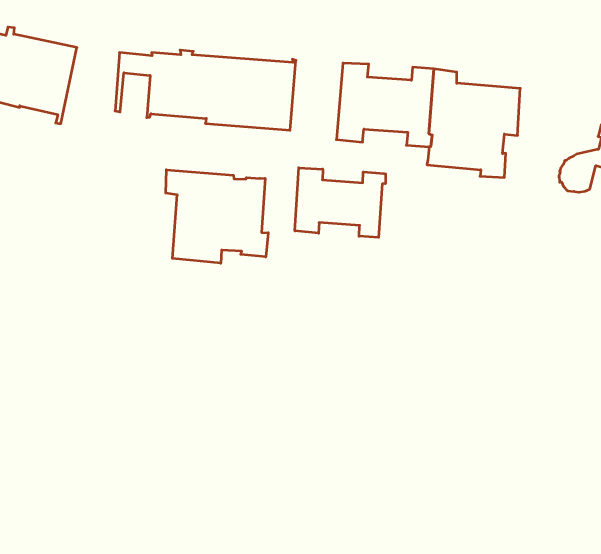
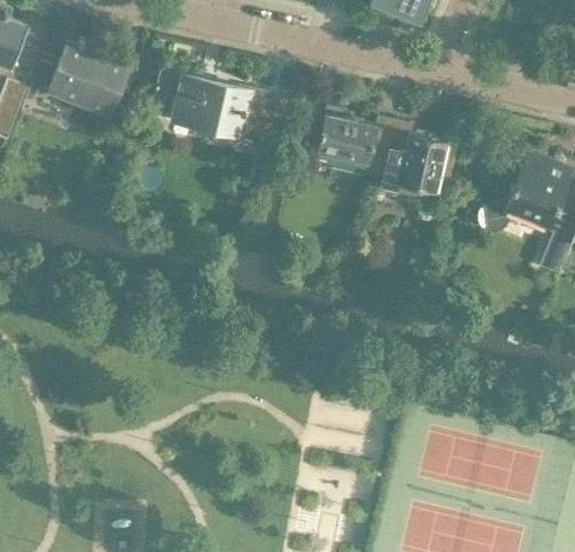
building: [295,168,386,237] -> none
building: [166,170,268,263] -> none

